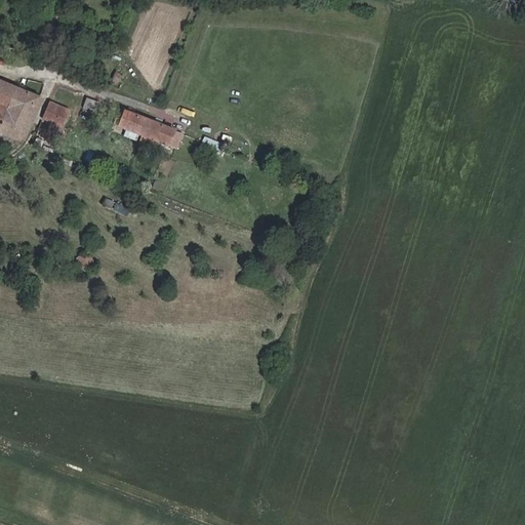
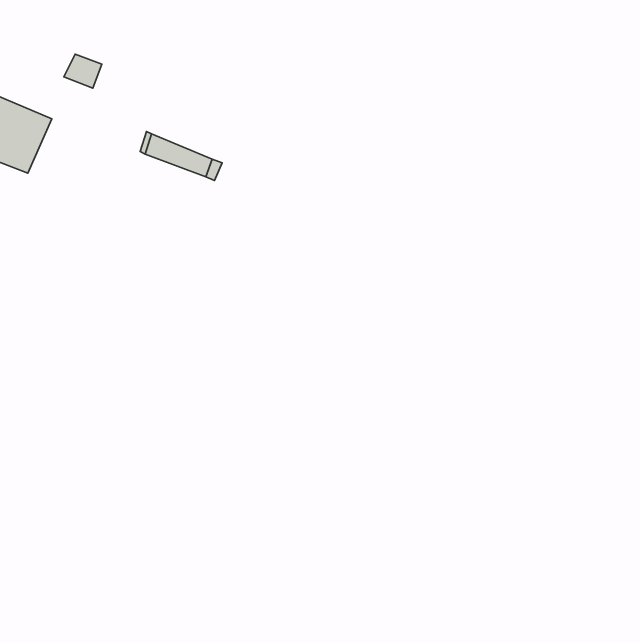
building: [40,99,71,127] -> [64,54,102,88]

